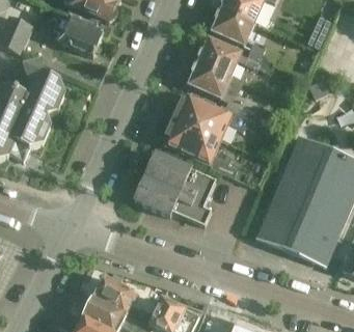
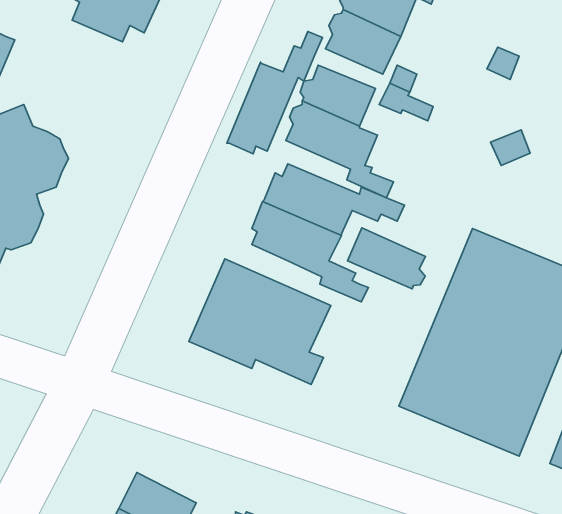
building: [52,11,104,55] -> none
building: none -> [227,32,323,154]
building: none -> [347,228,425,289]

